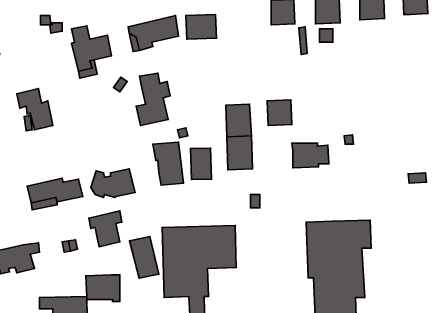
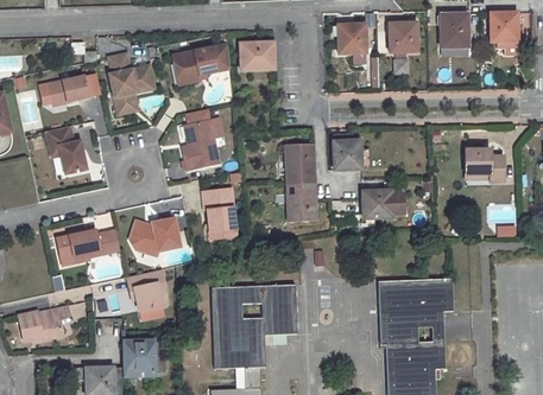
building: none -> [46,77,88,106]
building: none -> [465,148,504,181]
building: [190,148,212,179] -> none
building: [130,236,159,278] -> none

